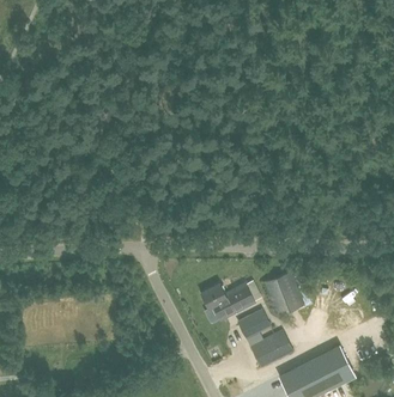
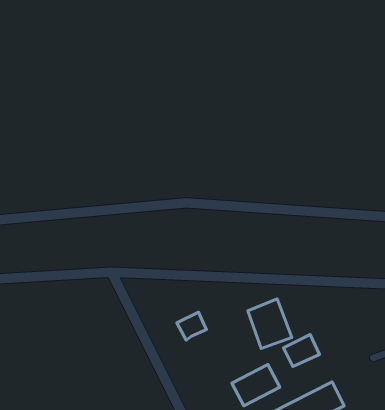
building: [213,283,254,316] -> none
building: [237,309,269,337] -> [283,335,320,367]

